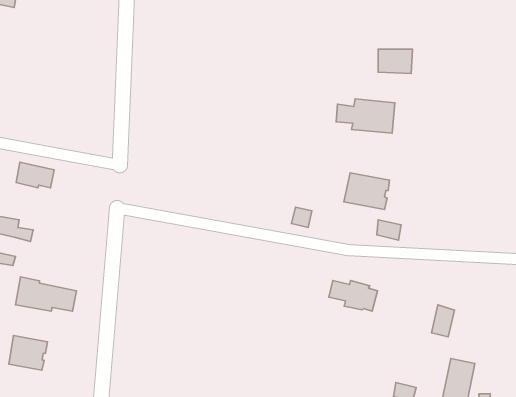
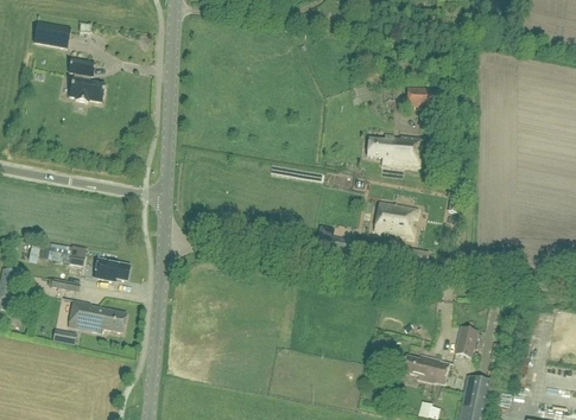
building: none -> [68,59,105,102]
building: [16,162,54,188] -> [94,257,129,281]
building: [329,281,377,311] -> [404,354,449,382]
building: [9,335,47,370] -> none

